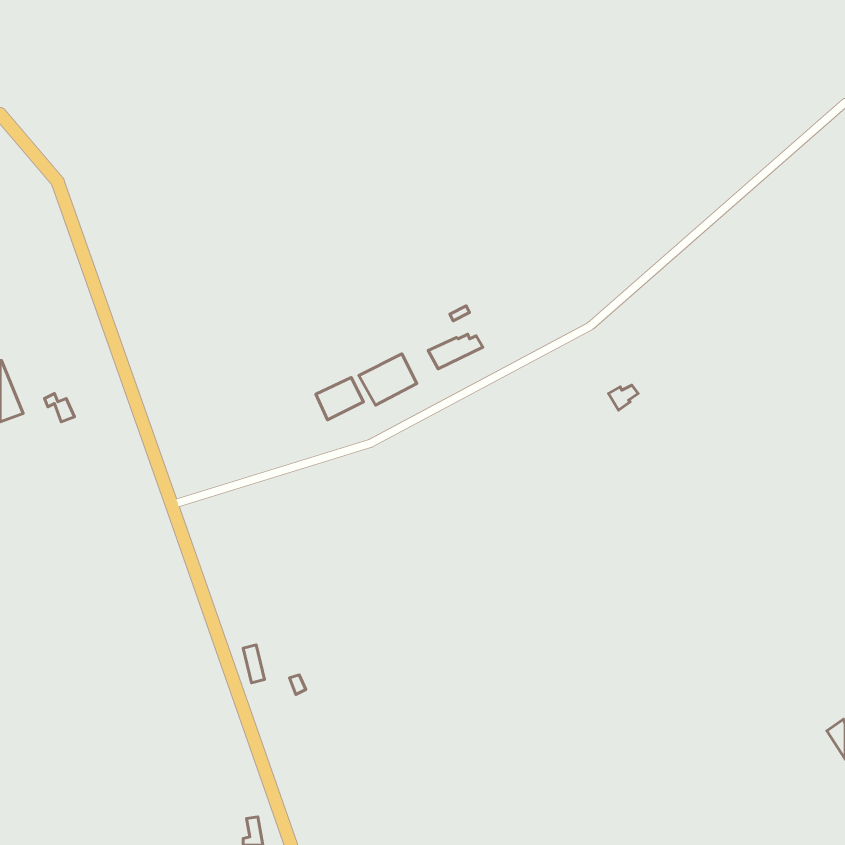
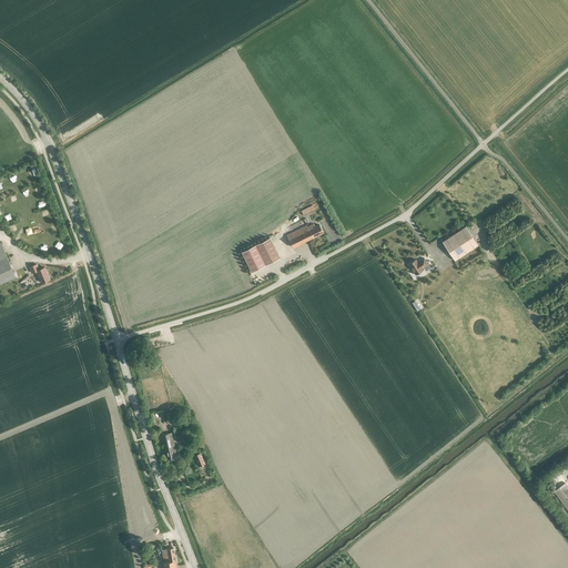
building: none -> [442,226,478,261]
building: [316,377,363,420] -> none

